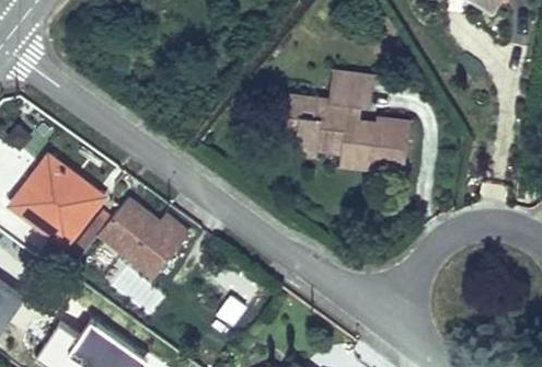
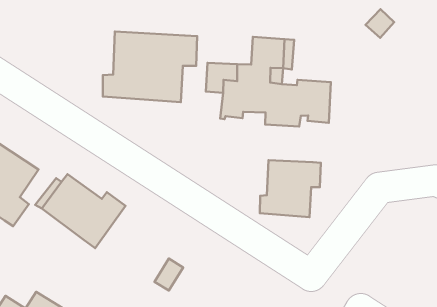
building: none -> [103,32,197,102]
building: none -> [260,160,321,217]

